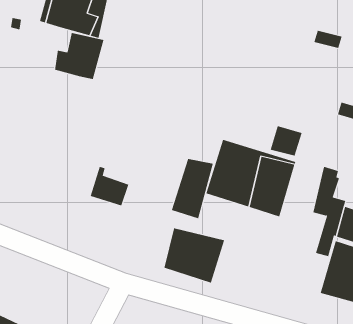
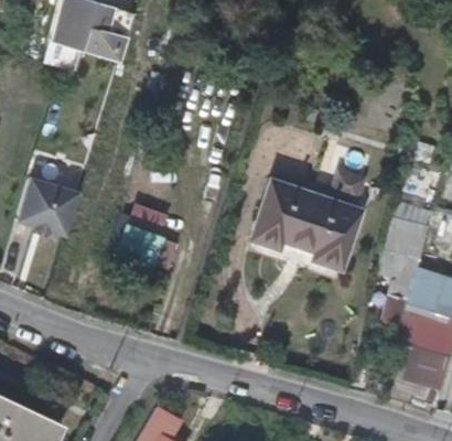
building: [54,32,104,80] -> none
building: none -> [20,180,80,237]
building: [171,158,213,219] -> none
building: [164,228,225,283] -> none

